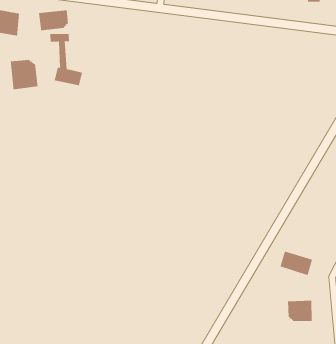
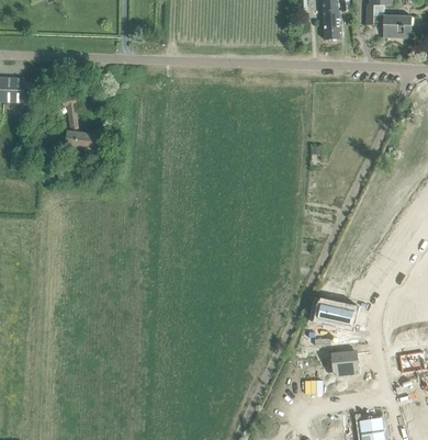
building: [38,9,69,31] -> none
building: [10,59,38,90] -> none

